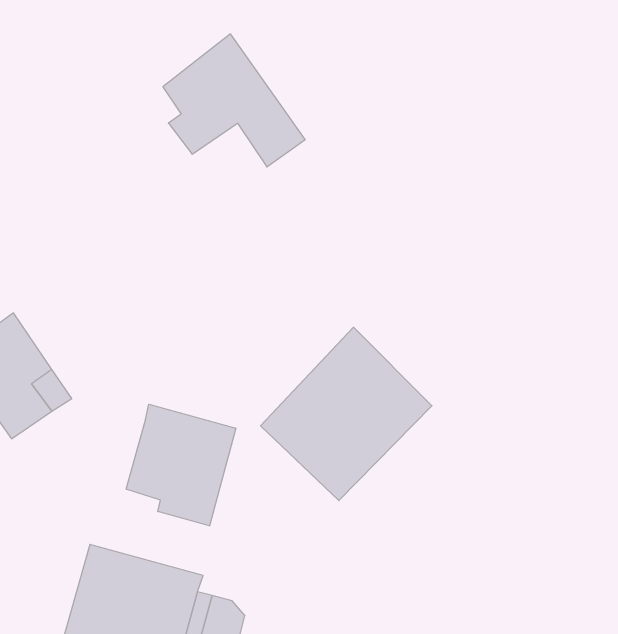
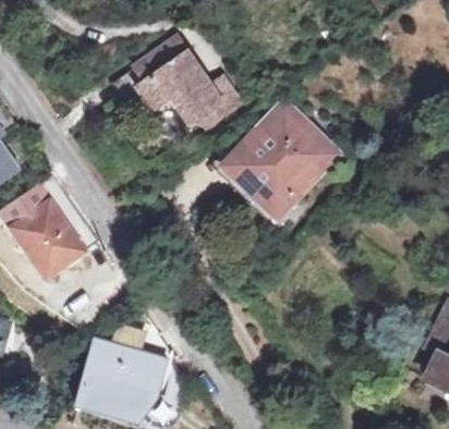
building: [261,327,432,501] -> [228,103,330,207]
building: [126,404,236,526] -> none

